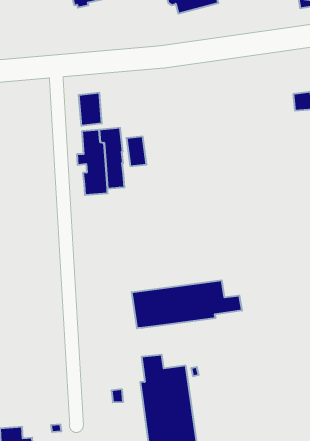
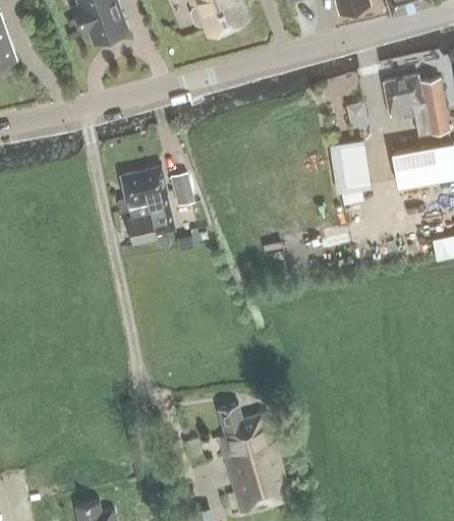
building: [79,93,102,126] -> none
building: none -> [330,139,367,201]
building: [132,280,242,328] -> none

